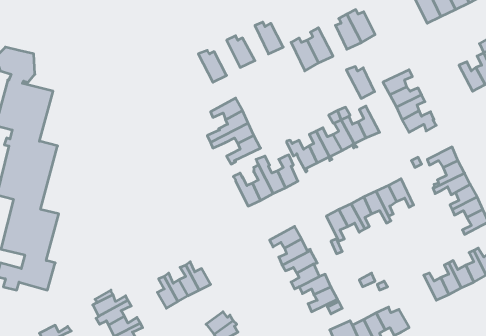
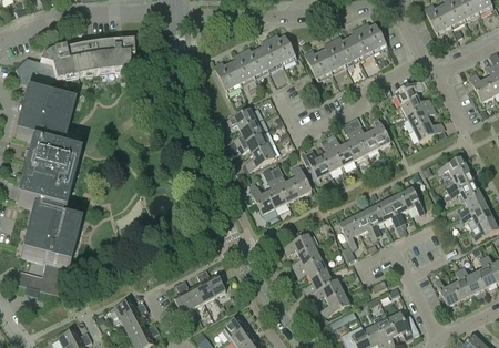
building: none -> [257,37,283,71]
building: none -> [39,38,138,94]
building: none -> [230,51,255,85]
building: [346,67,375,98] -> [332,35,359,66]

